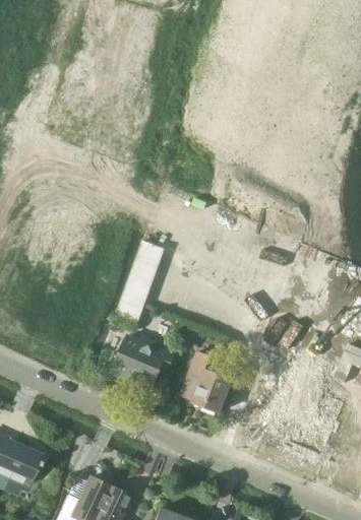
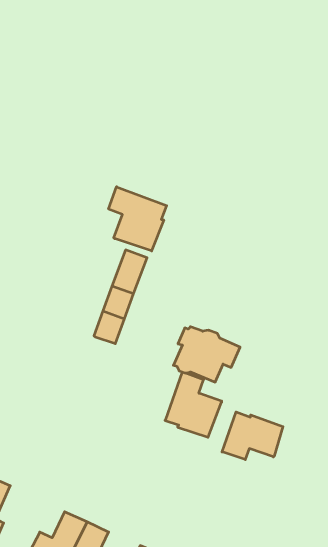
building: none -> [109,187,167,251]
building: [115,336,175,386] -> [173,327,240,382]
building: none -> [222,412,283,460]

